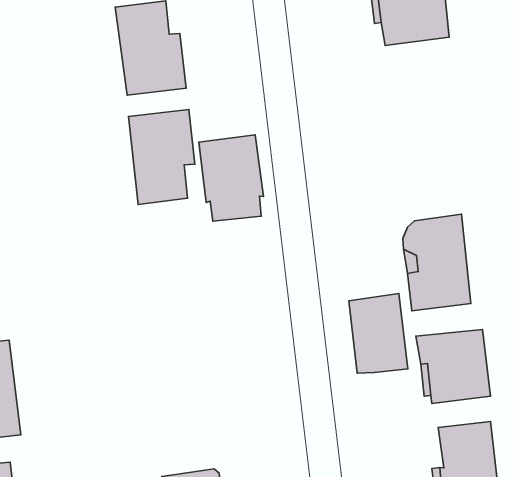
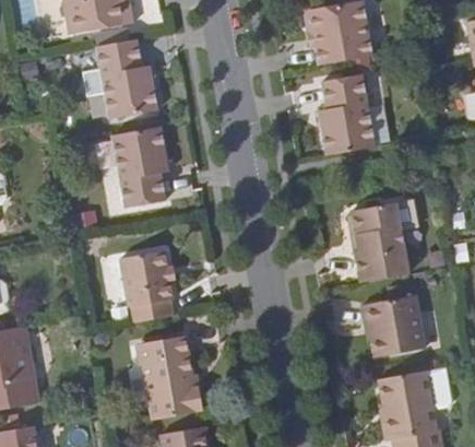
building: none -> [319,74,376,155]
building: [199,135,263,221] -> [119,249,175,322]
building: [349,293,408,373] -> none
building: none -> [140,336,203,419]

